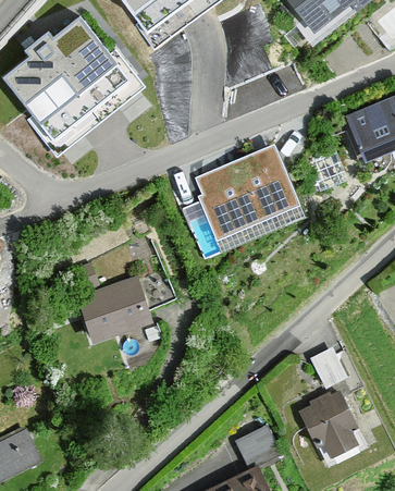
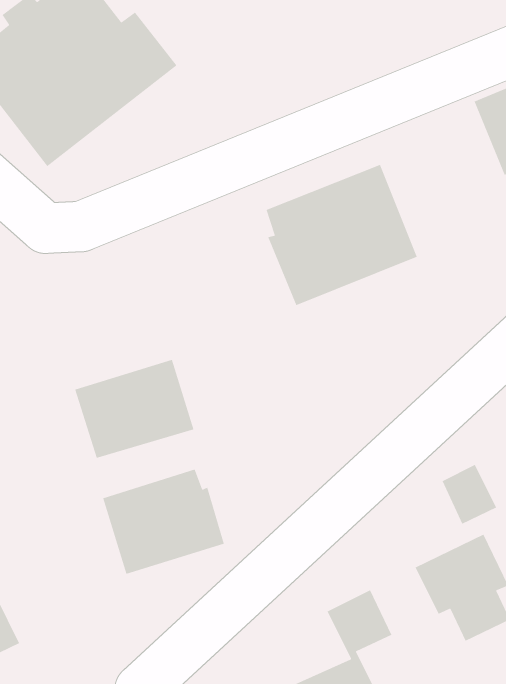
building: none -> [102,469,225,575]

